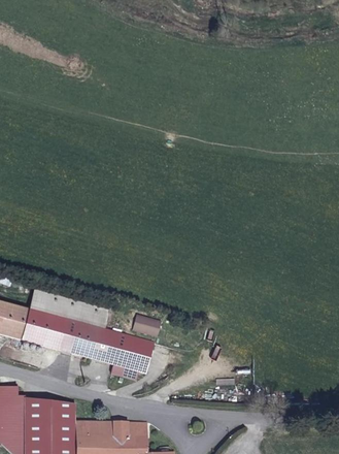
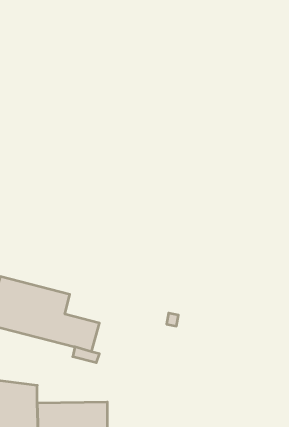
building: [132,315,161,337] -> none
building: [131,338,155,371] -> none

